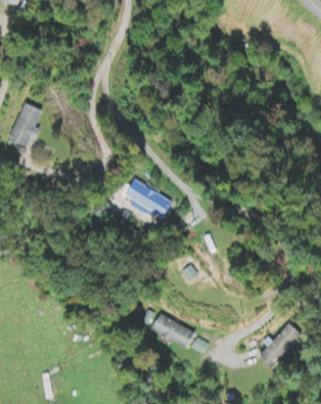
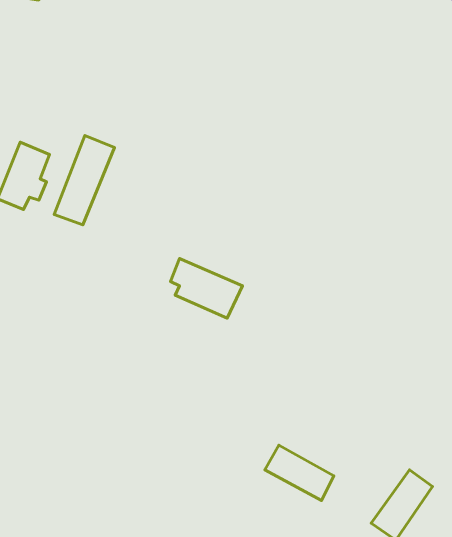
building: none -> [54,135,114,225]
building: [146,312,192,349] -> [265,445,334,500]

